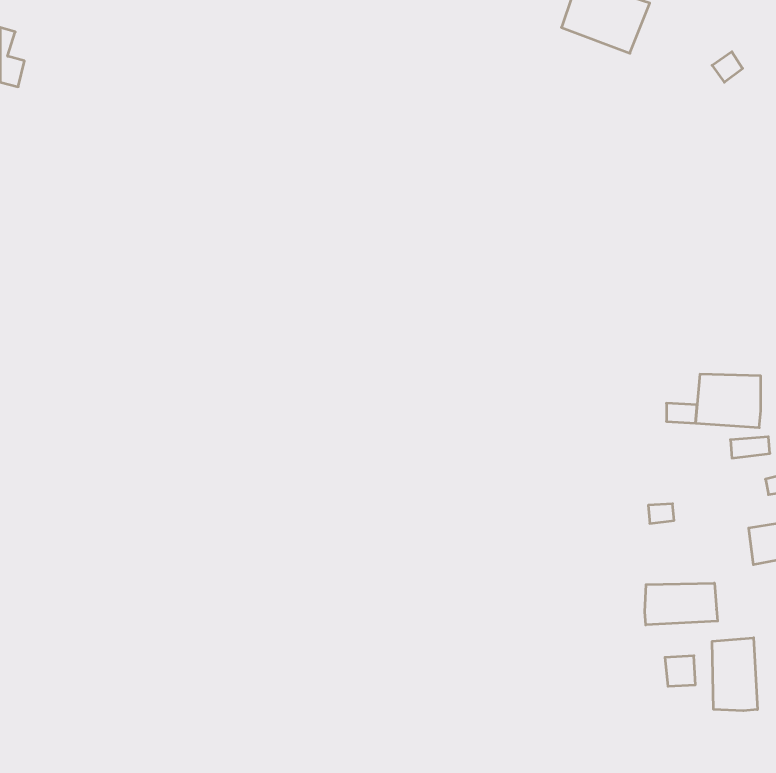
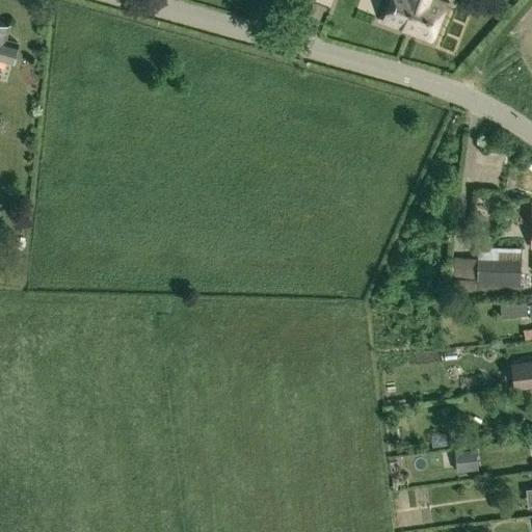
building: [645,583,718,625] -> none
building: [712,638,757,711] -> none

